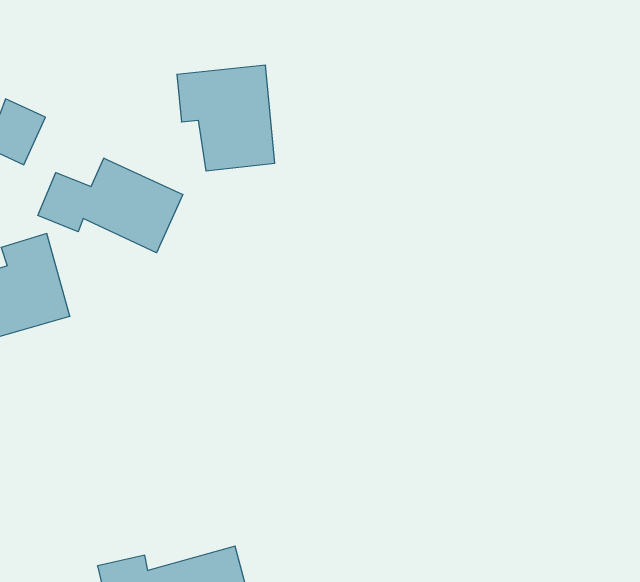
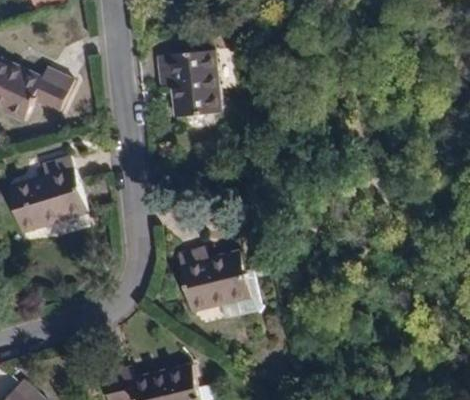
building: [38,158,183,253] -> none
building: none -> [174,244,252,315]

